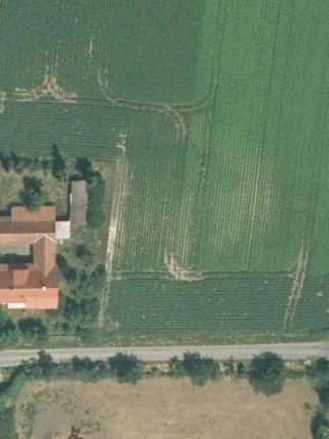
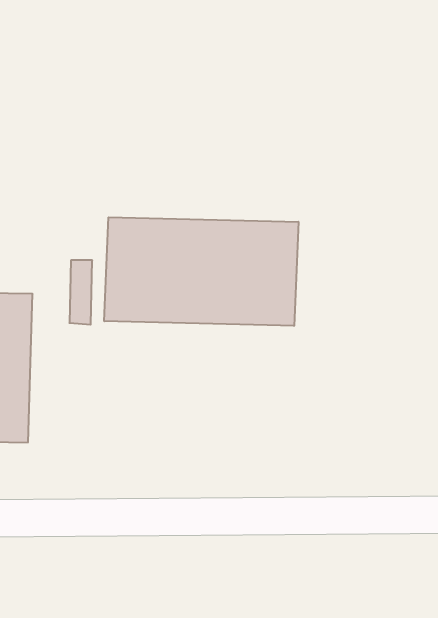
building: none -> [104,217,298,326]

